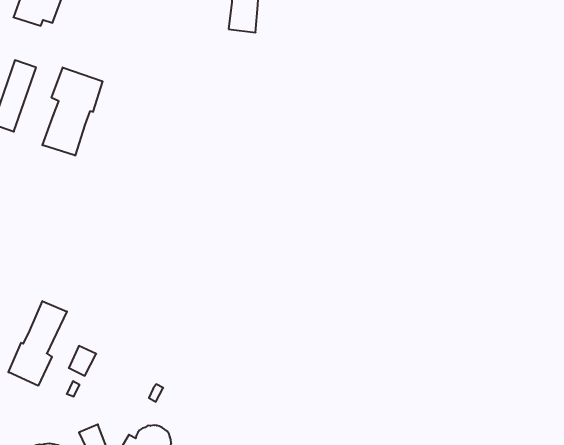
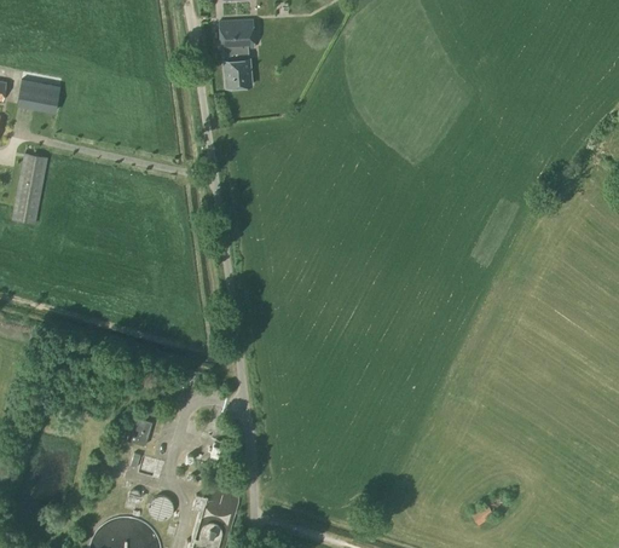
building: [42,67,103,156] -> none
building: [8,301,67,386] -> none

